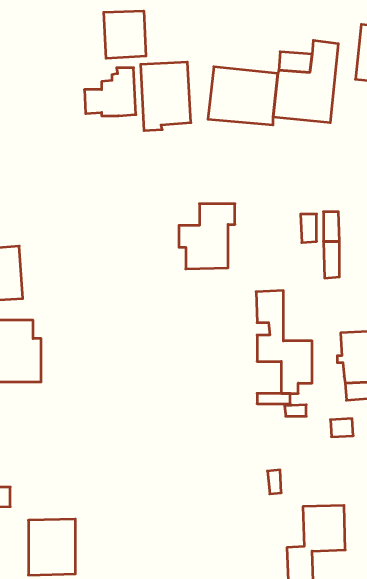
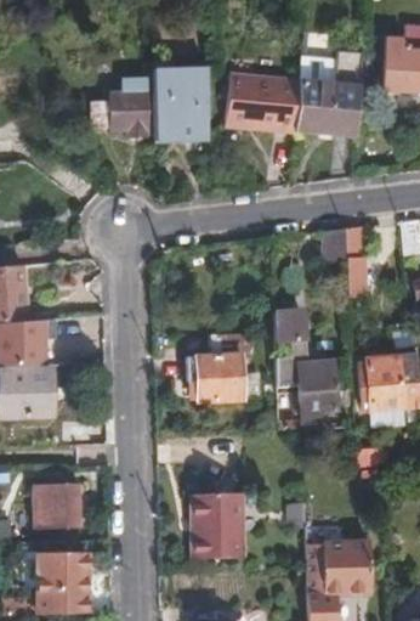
building: [104,11,146,58] -> none
building: [179,204,235,269] -> [192,333,251,402]
building: none -> [33,484,78,527]
building: none -> [188,493,243,558]

